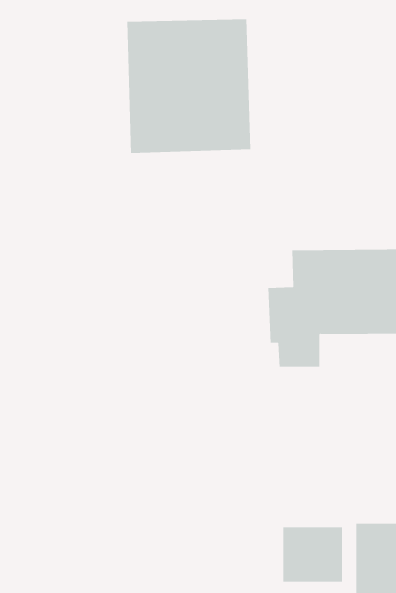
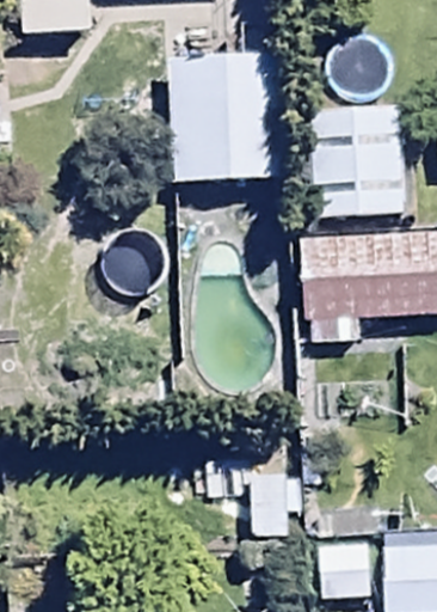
building: none -> [312,112,404,224]

